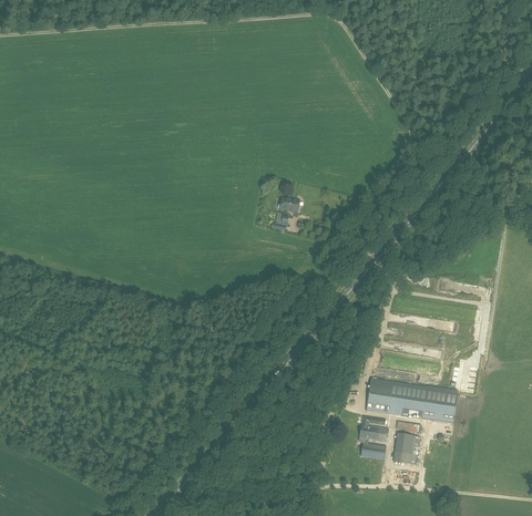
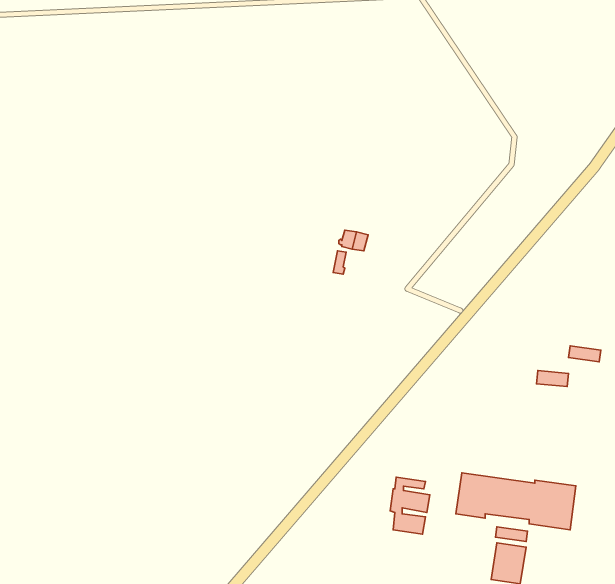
building: [358,414,388,457] -> [390,477,430,534]

